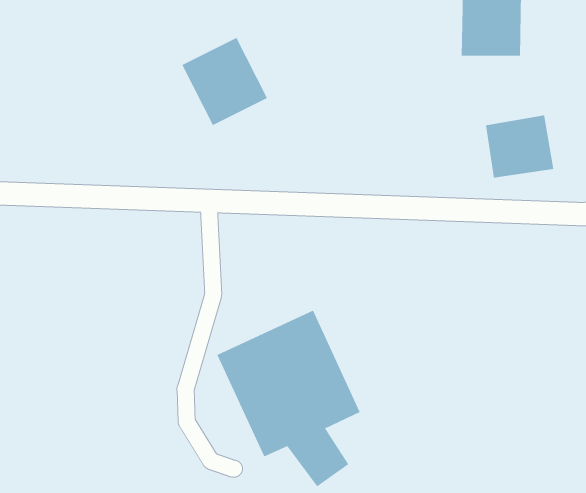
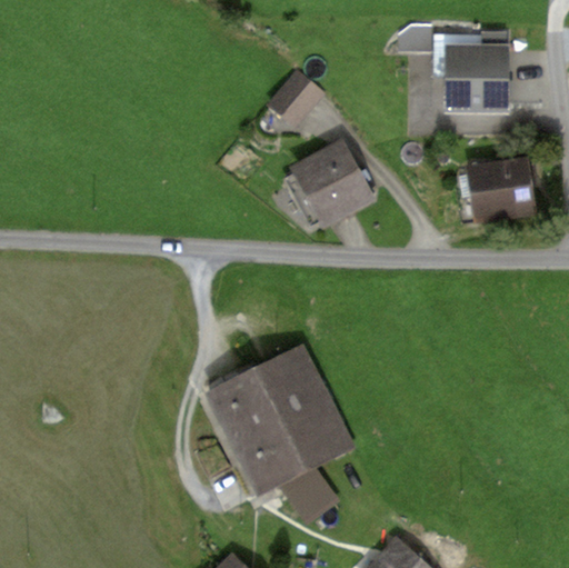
building: none -> [270,73,320,123]
building: [181,37,268,126] -> [289,141,372,227]

